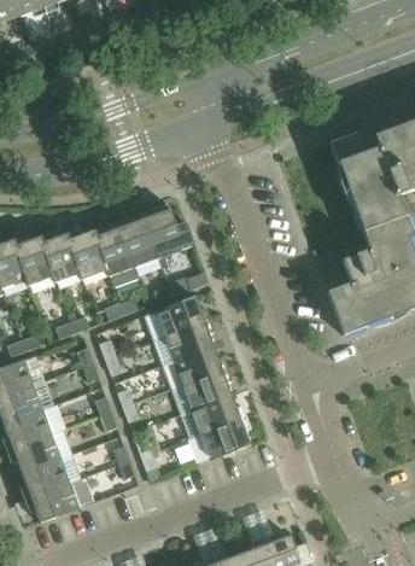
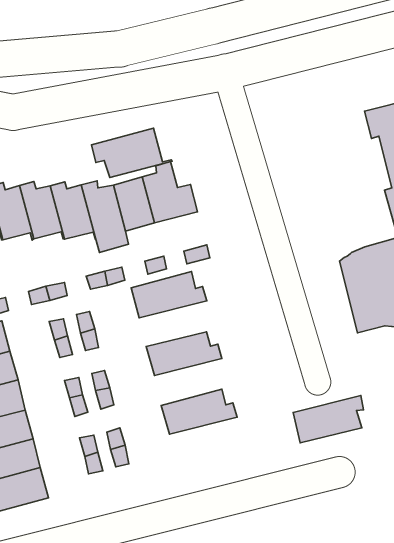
building: none -> [91,128,172,178]
building: [153,320,215,364] -> none
building: [171,368,232,414] -> none
building: [189,418,250,463] -> [293,396,364,443]

